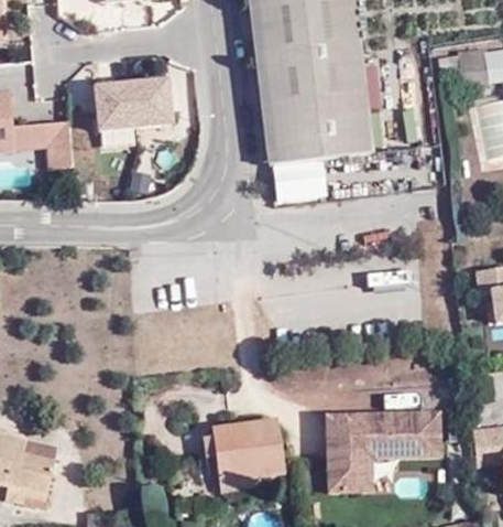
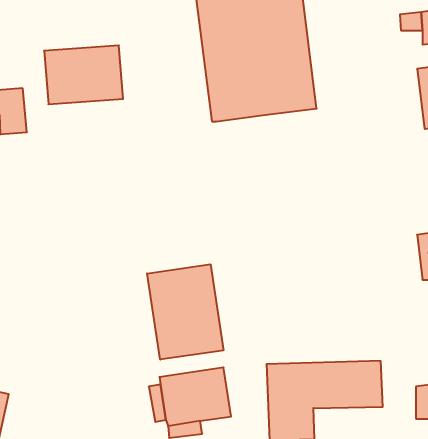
building: [271,152,326,197] -> none
building: none -> [147,264,223,360]

